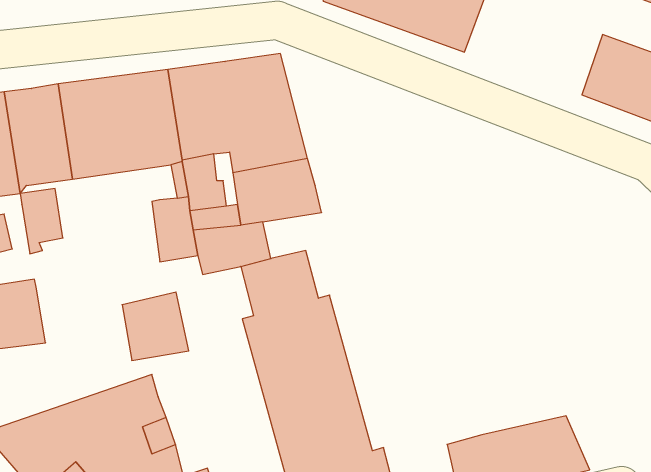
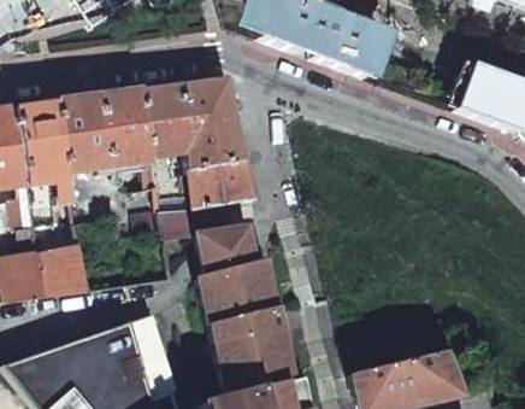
building: [122,292,189,360] -> [43,244,94,296]

